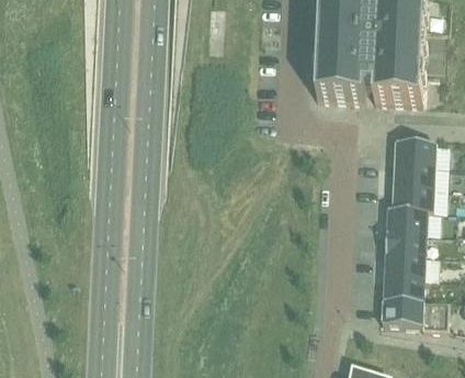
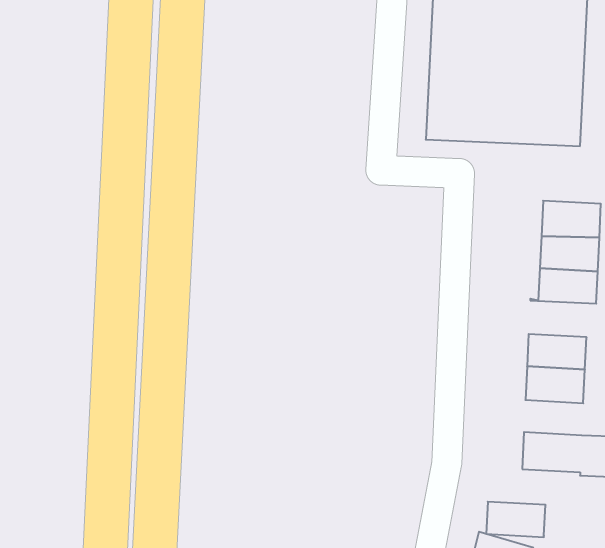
building: [386,208,432,233] -> none
building: [383,276,423,300] -> [486,502,546,537]

